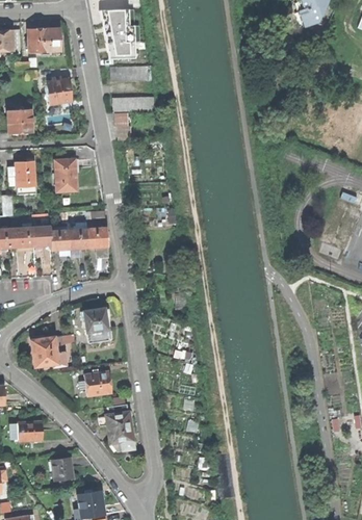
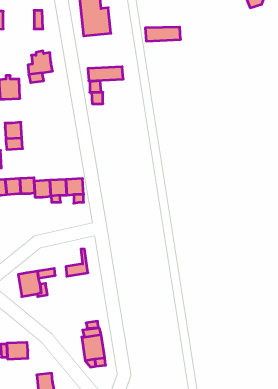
building: [28,28,49,51] -> none
building: [109,64,151,81] -> [145,27,181,41]
building: [55,158,76,190] -> none
building: [80,307,106,331] -> none
building: [84,370,110,395] -> none

